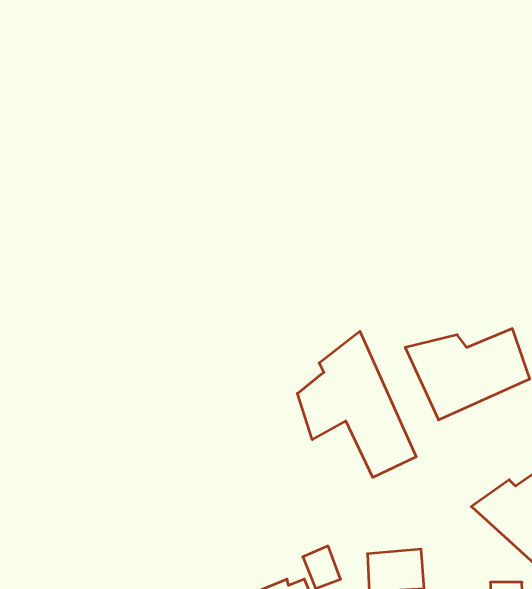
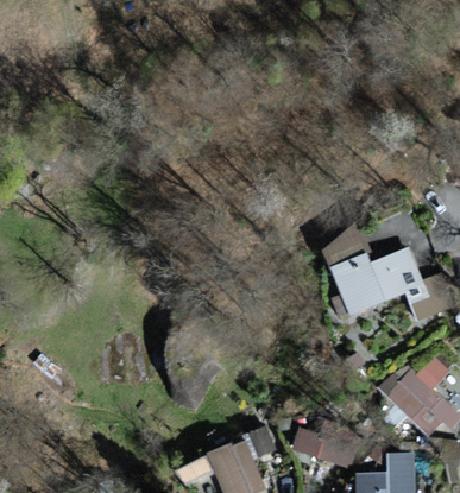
building: [297,331,416,477] -> none

